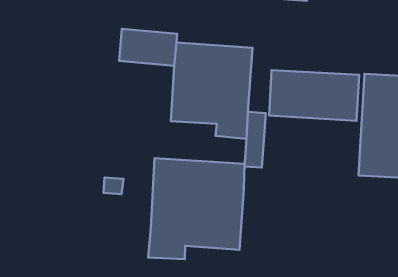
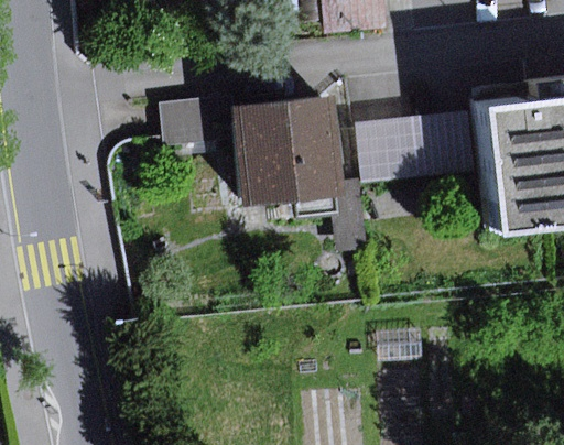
building: [148,158,245,259] -> none

